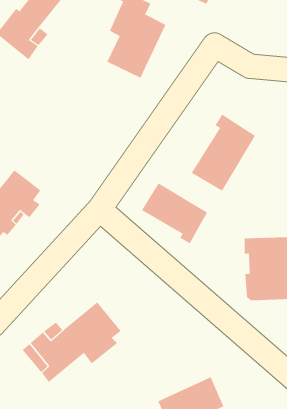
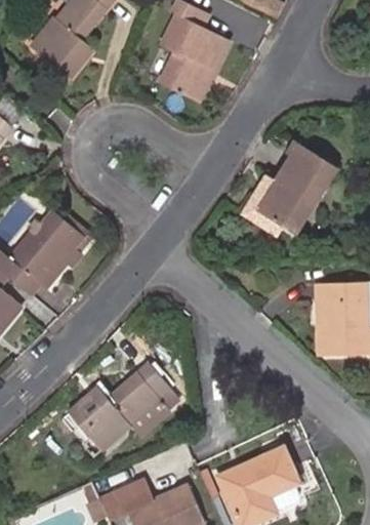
building: [141,182,208,244] -> none

